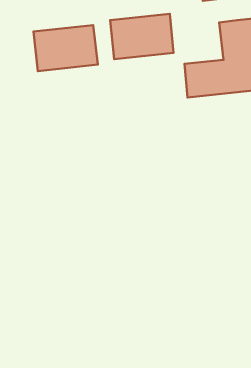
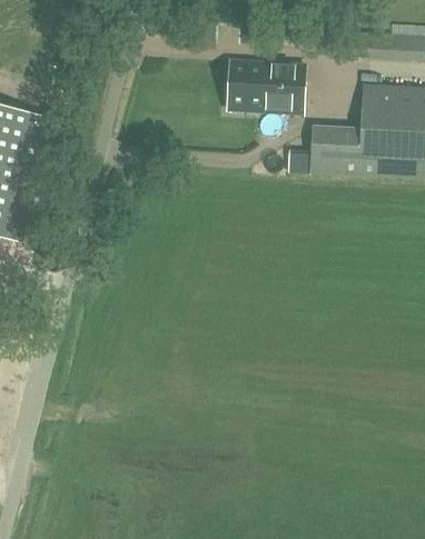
building: [33,25,98,71] -> none

